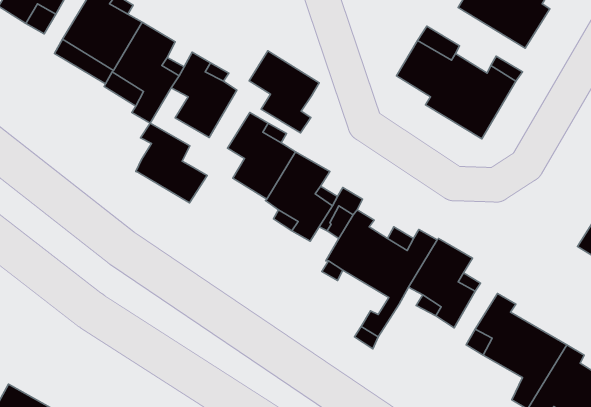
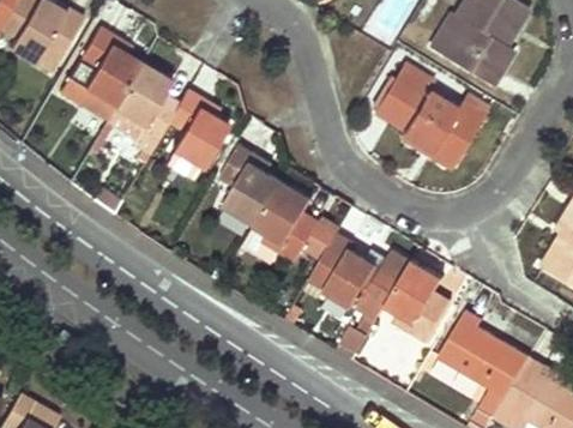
building: [249,51,319,133] -> none
building: [136,123,207,203] -> none

